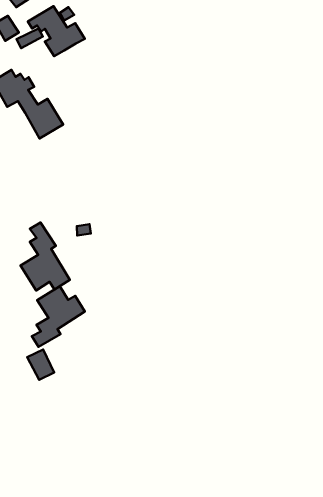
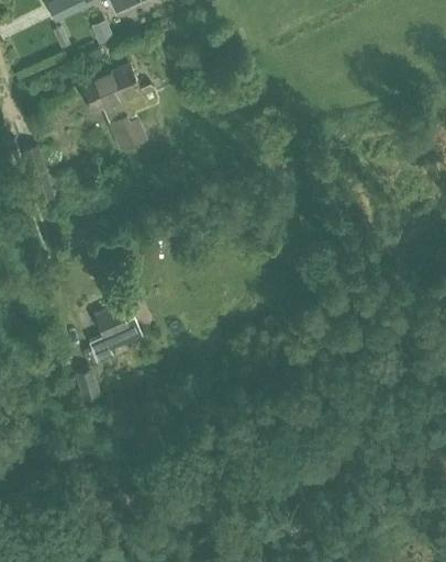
building: [28,6,85,56] -> [101,64,157,115]
building: [21,222,70,290] -> none

